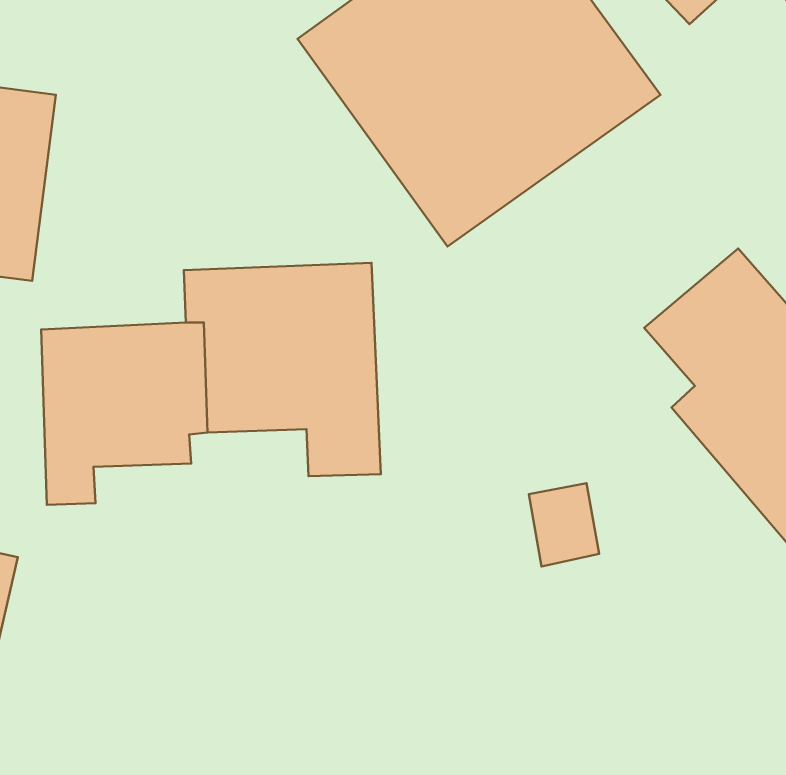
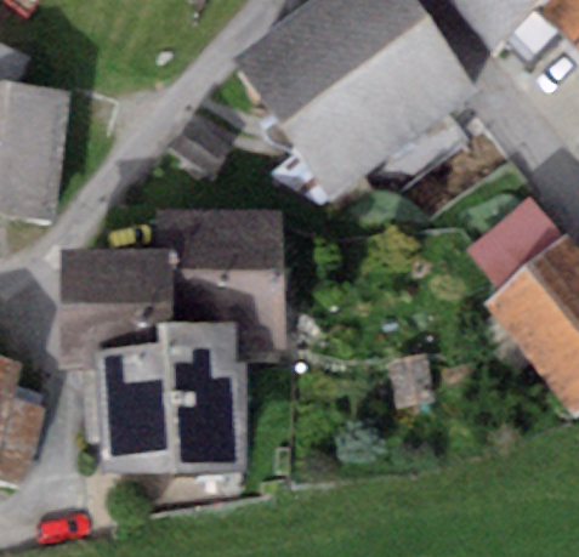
building: none -> [95,318,244,472]

